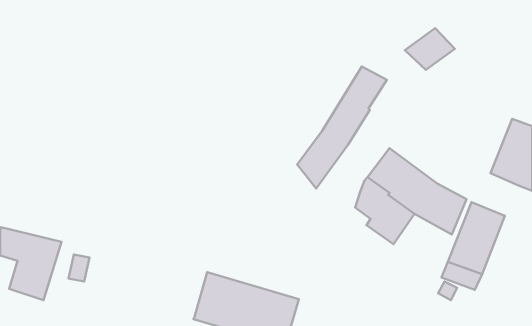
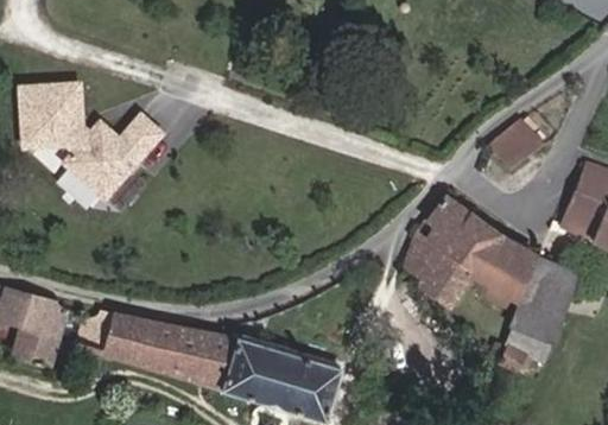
building: [405,28,455,70] -> [487,119,544,166]
building: none -> [19,83,159,196]
building: [297,66,387,188] -> none
building: none -> [101,312,236,388]

